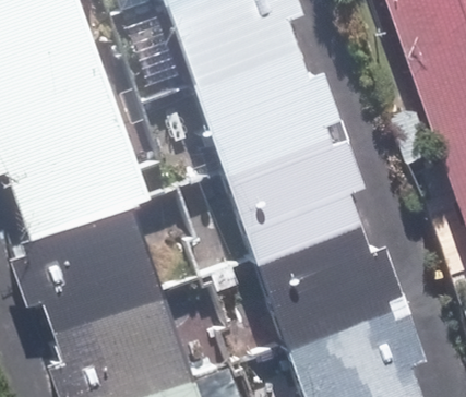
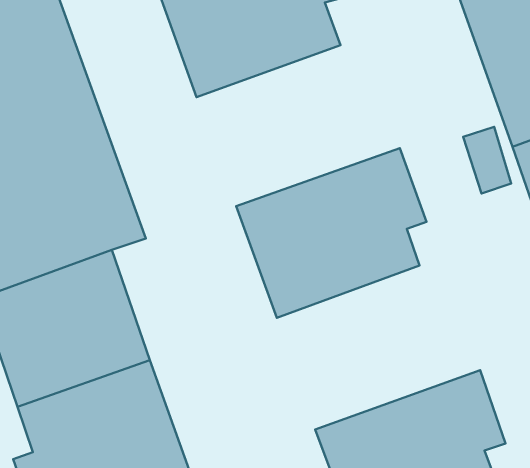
building: [189,50,346,175] -> none
building: [251,220,408,347] -> none

